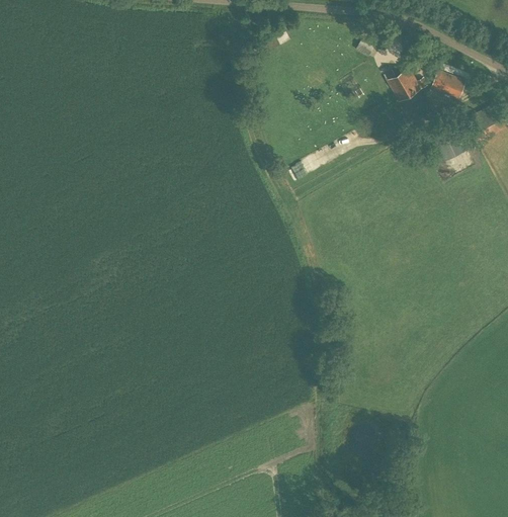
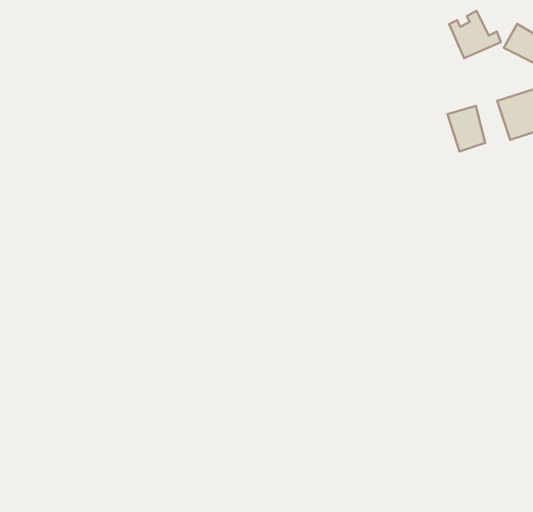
building: none -> [448,106,485,152]

